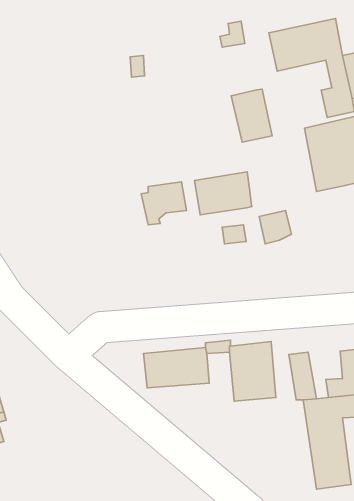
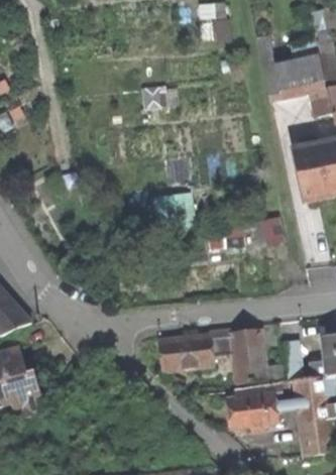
building: [231,89,272,142] -> none
building: [195,172,252,215] -> none
building: none -> [226,378,282,430]

